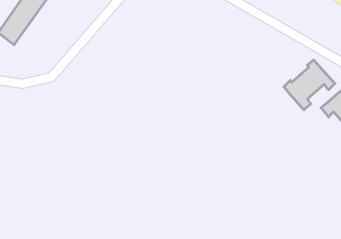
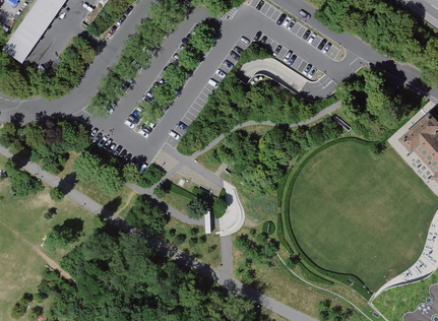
building: [284,60,335,110] -> none

